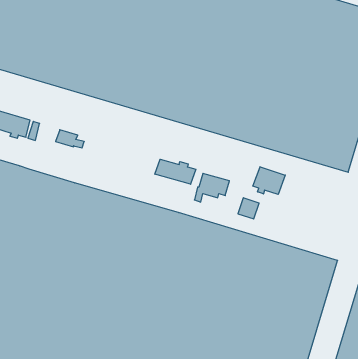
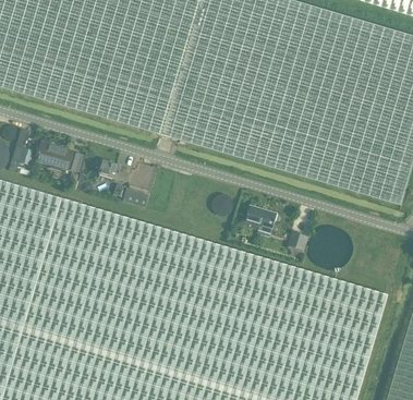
building: [155,159,196,184] -> none
building: [253,167,285,194] -> none

